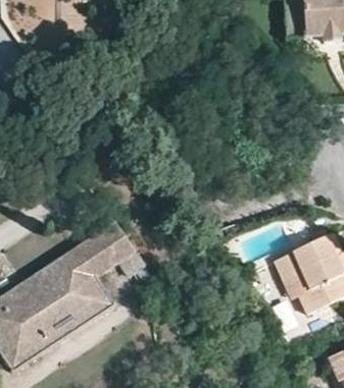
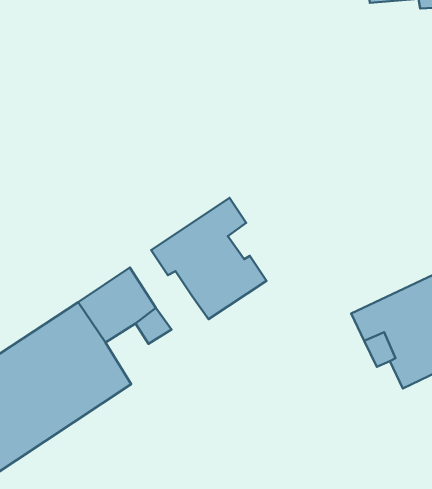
building: none -> [151,198,266,319]

